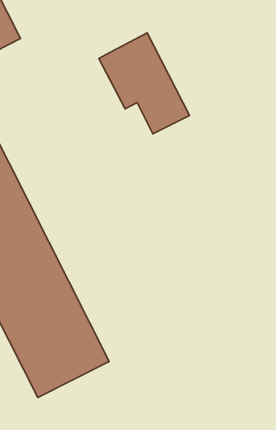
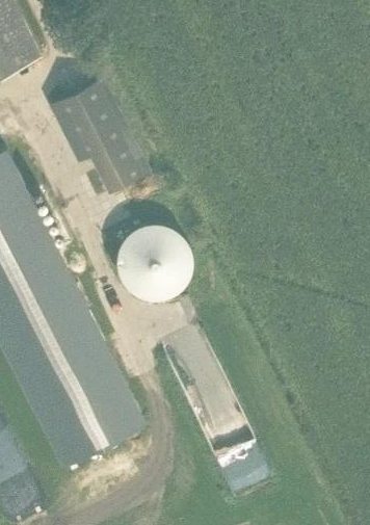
building: [99,33,189,134] -> [50,76,153,190]
building: none -> [118,222,194,298]

